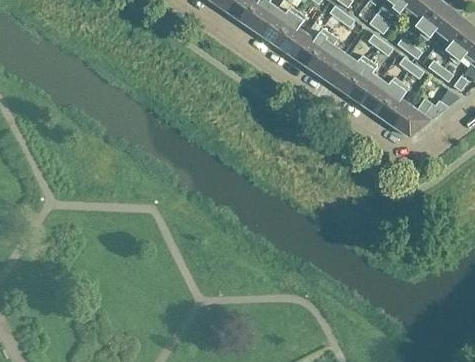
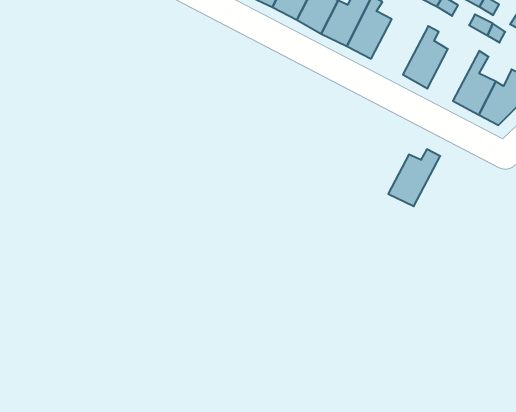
building: [330,56,369,93] -> none
building: [363,77,403,116] -> [388,149,440,206]

